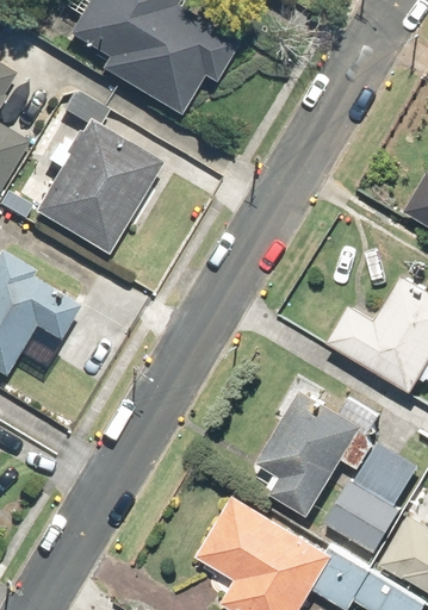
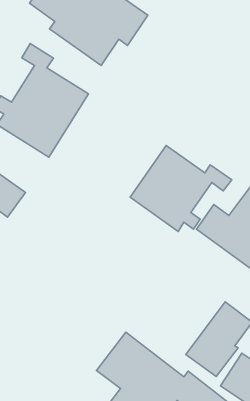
building: none -> [130,146,232,231]
building: [258,387,386,516] -> none

